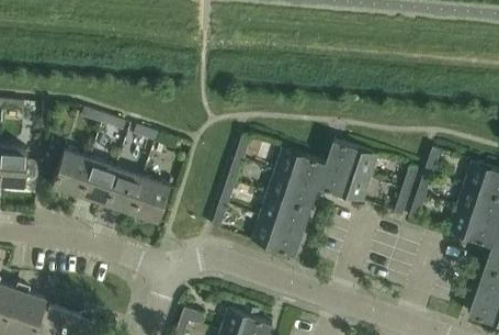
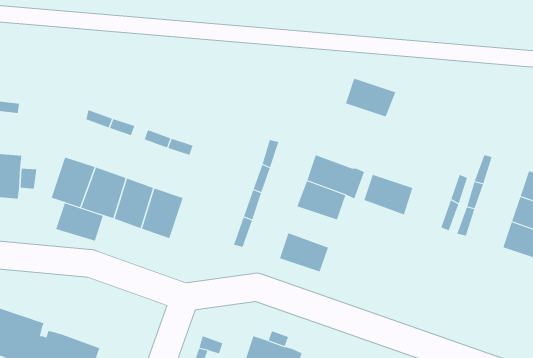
building: [332,144,377,179] -> [345,77,396,117]
building: none -> [55,202,103,241]
building: [258,196,302,232] -> none

